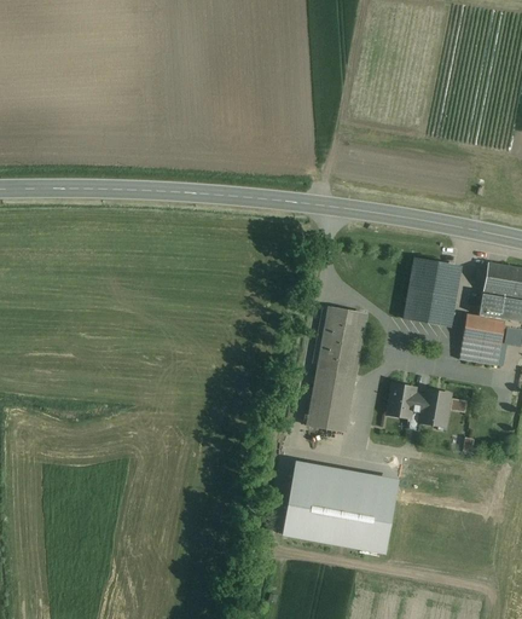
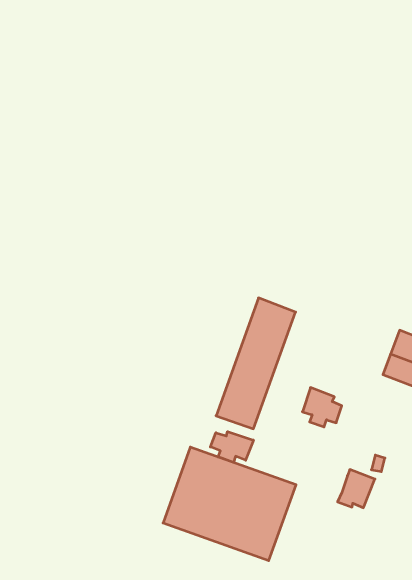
building: [405,258,452,324] -> none
building: [420,389,452,424] -> [338,470,375,508]
building: none -> [210,432,253,462]

